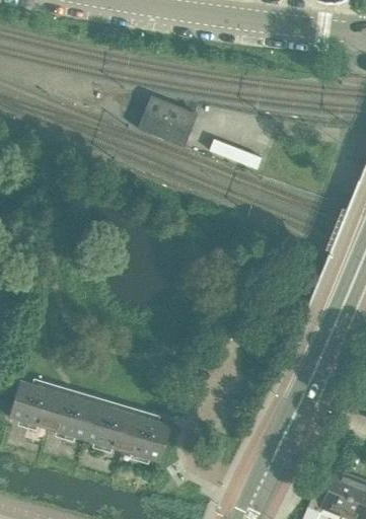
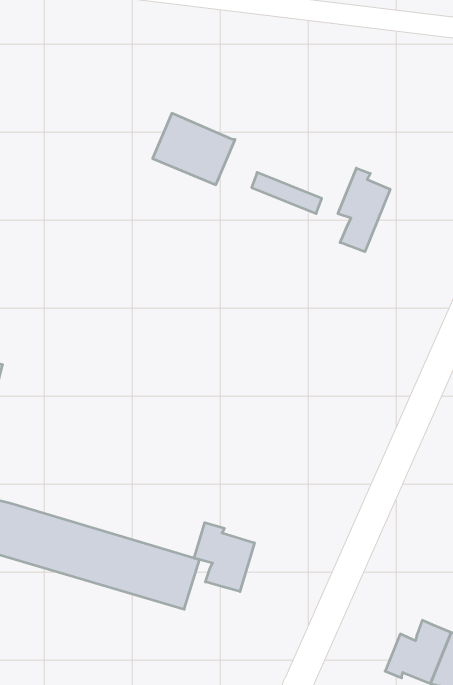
building: none -> [338,168,390,252]
building: none -> [194,523,254,592]

